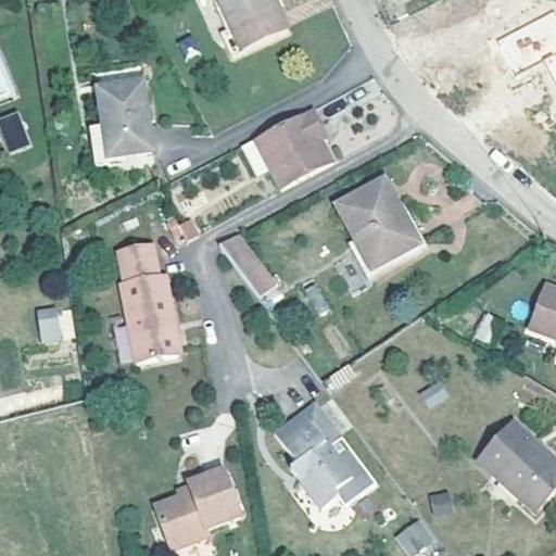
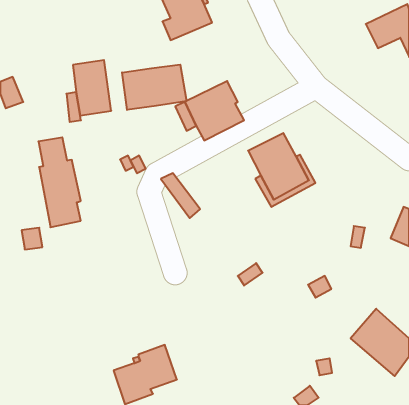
building: none -> [122,65,187,110]
building: [118,239,176,361] -> [38,137,81,227]
building: [274,400,376,507] -> none

